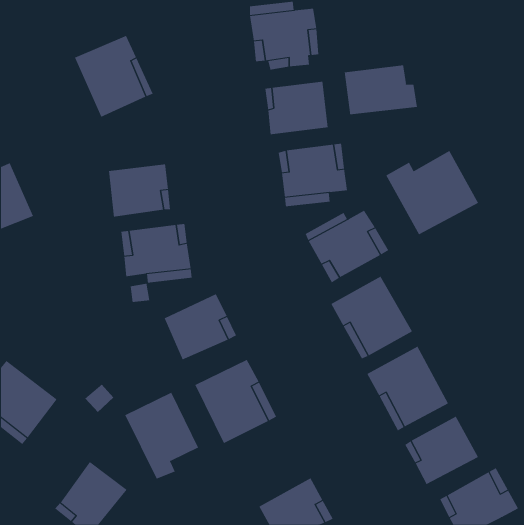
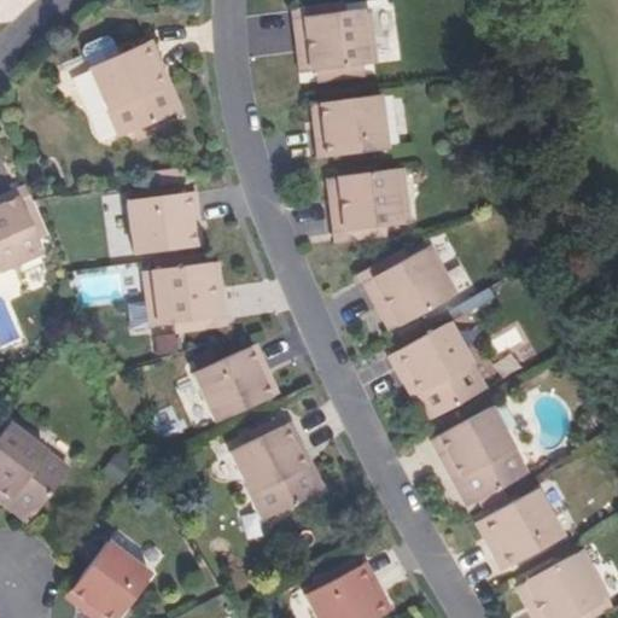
building: [344,65,418,115] -> none
building: [385,150,479,235] -> none
building: [125,392,199,480] -> none

